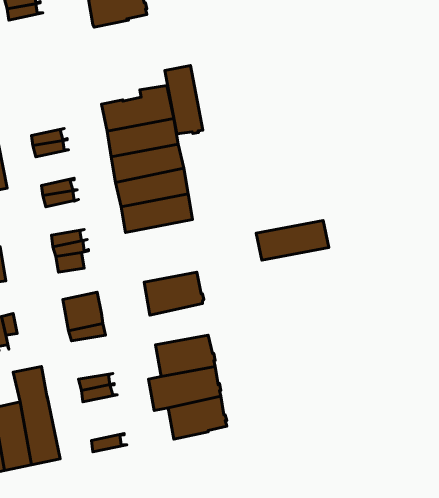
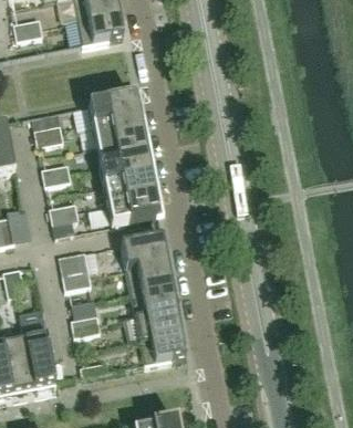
building: [165,65,203,134] -> none
building: [256,220,329,260] -> [107,195,164,226]
building: none -> [126,260,173,292]

